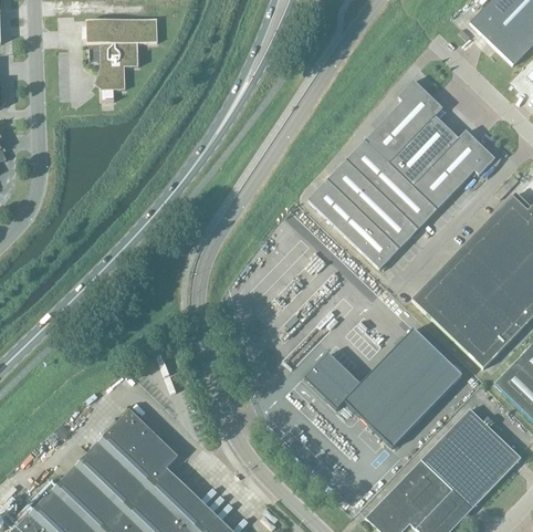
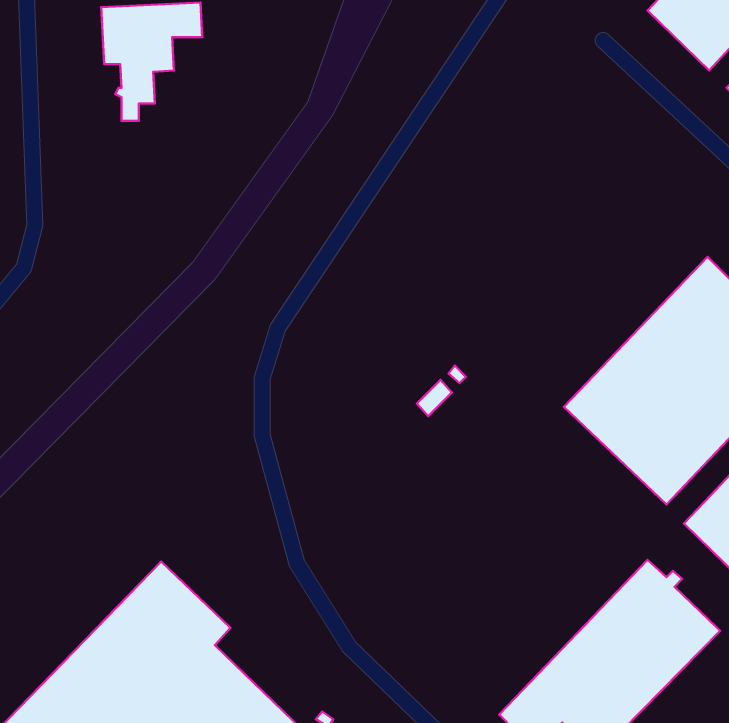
building: [309,81,493,270] -> none
building: [304,328,461,447] -> none

